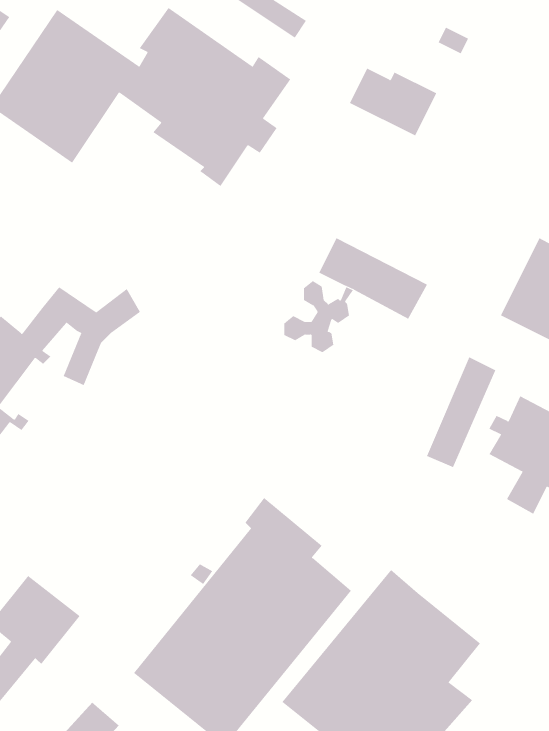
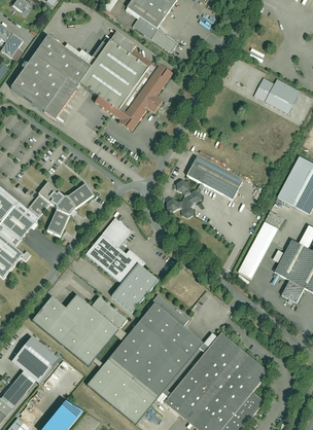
building: [349,68,437,136] -> [253,77,300,113]
building: none -> [84,218,158,313]
building: none -> [30,294,124,366]

